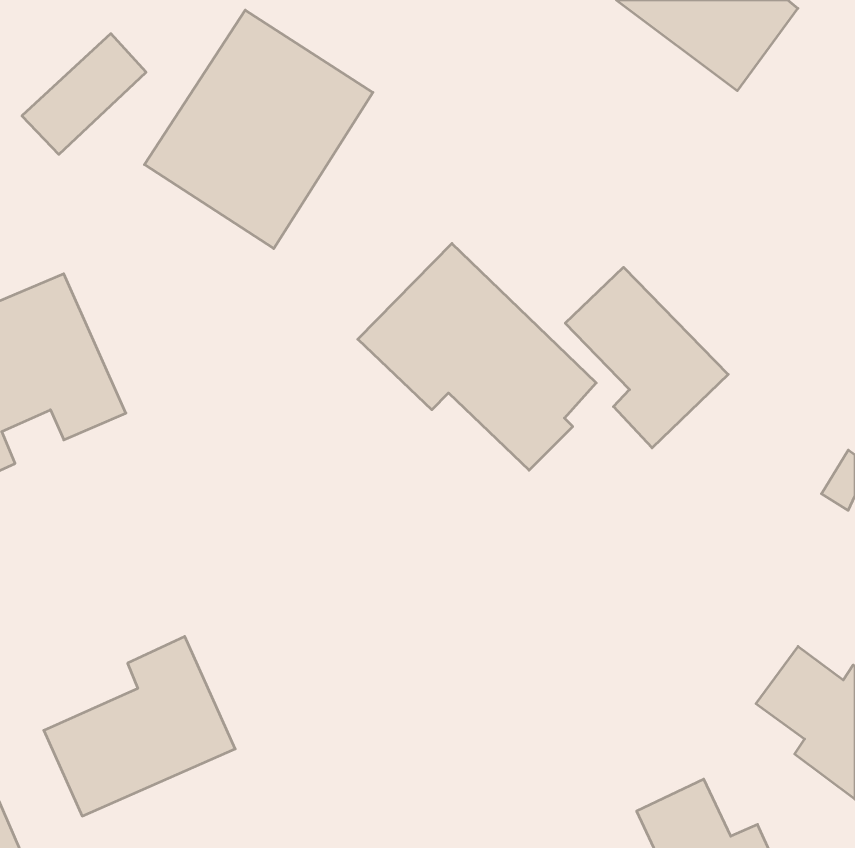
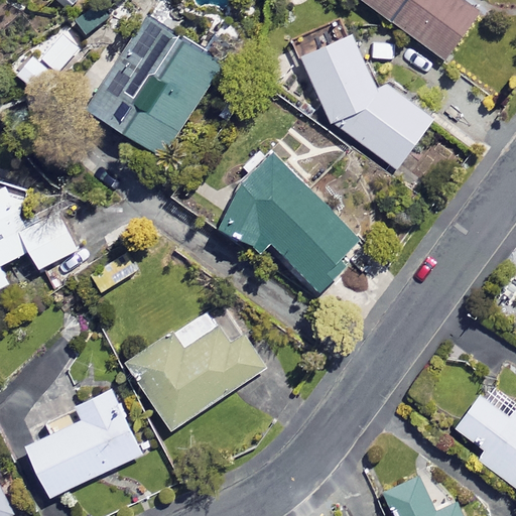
building: none -> [296,32,432,169]
building: [565,267,728,448] -> none
building: none -> [125,310,264,430]

